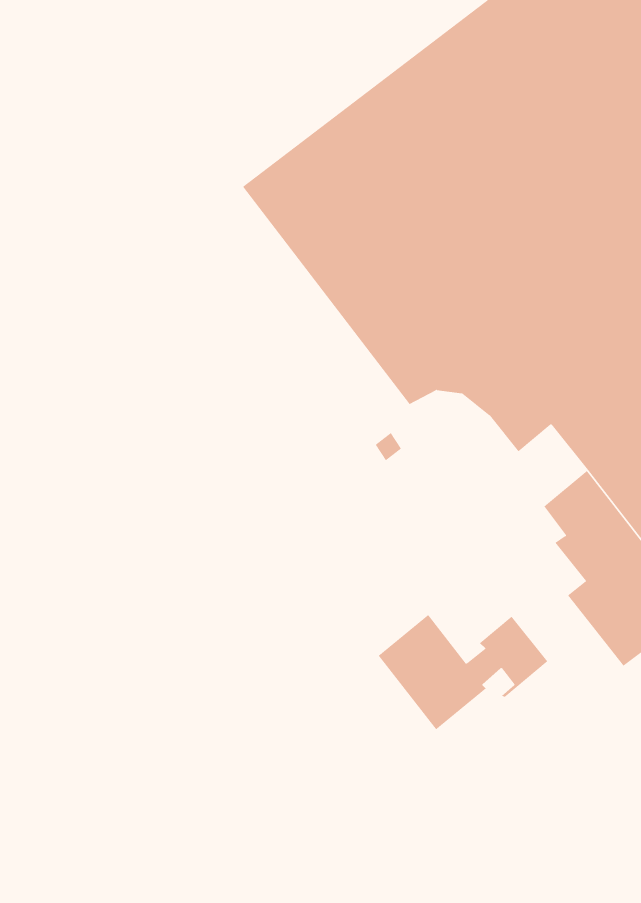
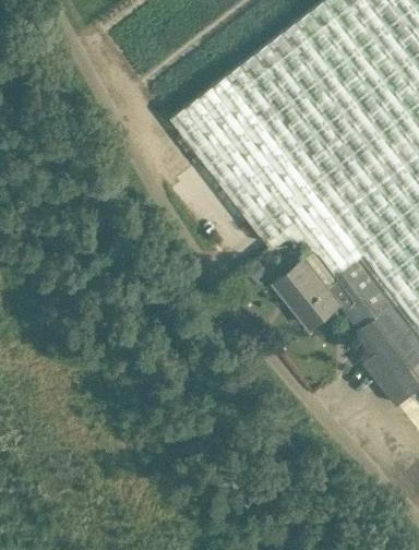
building: [378,614,548,730] -> [275,259,378,328]

